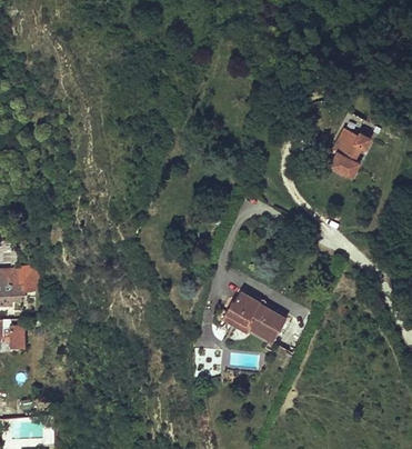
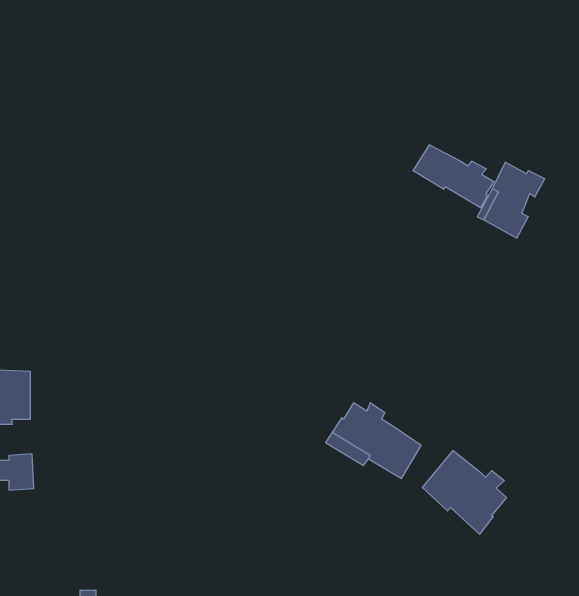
building: none -> [413,145,494,208]
building: none -> [422,451,507,534]

